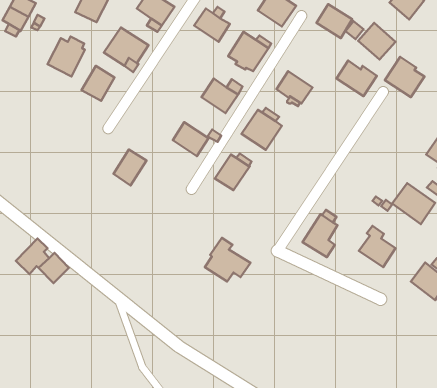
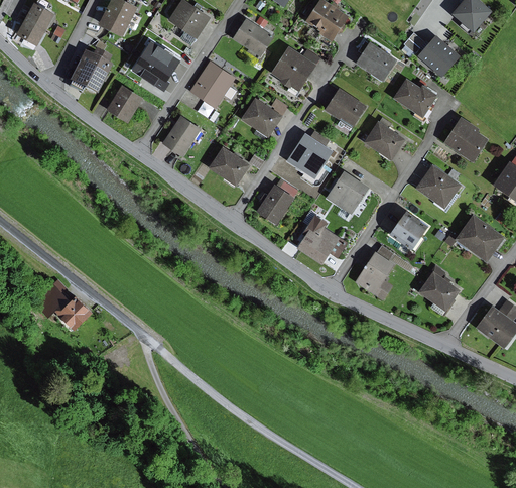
building: [317,4,352,38] -> [356,42,396,81]
building: none -> [189,60,235,108]
building: [385,57,424,97] -> [443,116,488,161]
building: none -> [365,122,405,160]
building: none -> [416,164,461,208]
building: none -> [326,170,368,214]
building: [114,150,147,185] -> [163,116,201,156]
building: none -> [390,213,427,249]
building: [205,238,250,282] -> [296,215,348,264]

